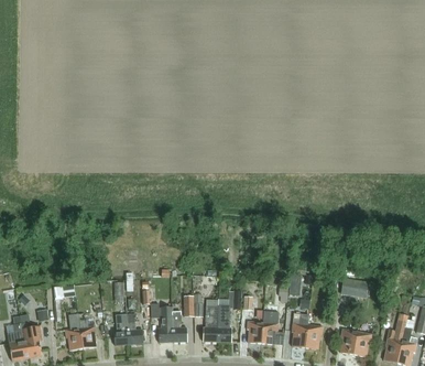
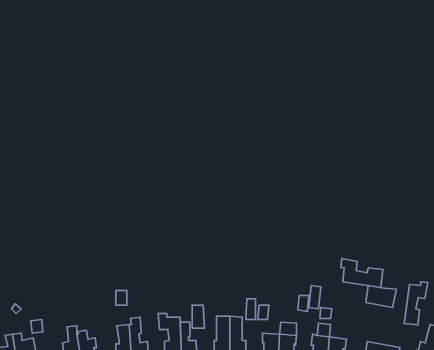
building: none -> [341,258,383,287]
building: none -> [404,282,428,325]

